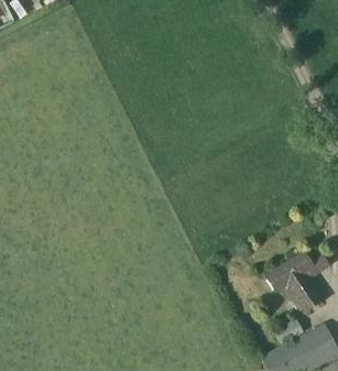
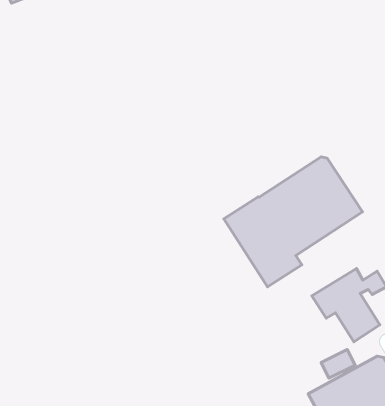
building: none -> [224,157,362,287]

